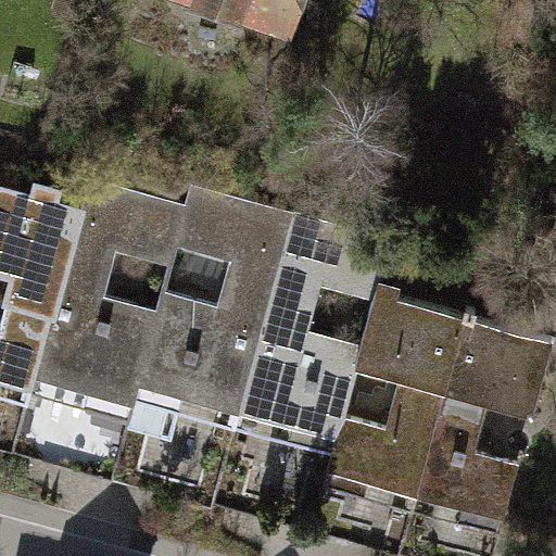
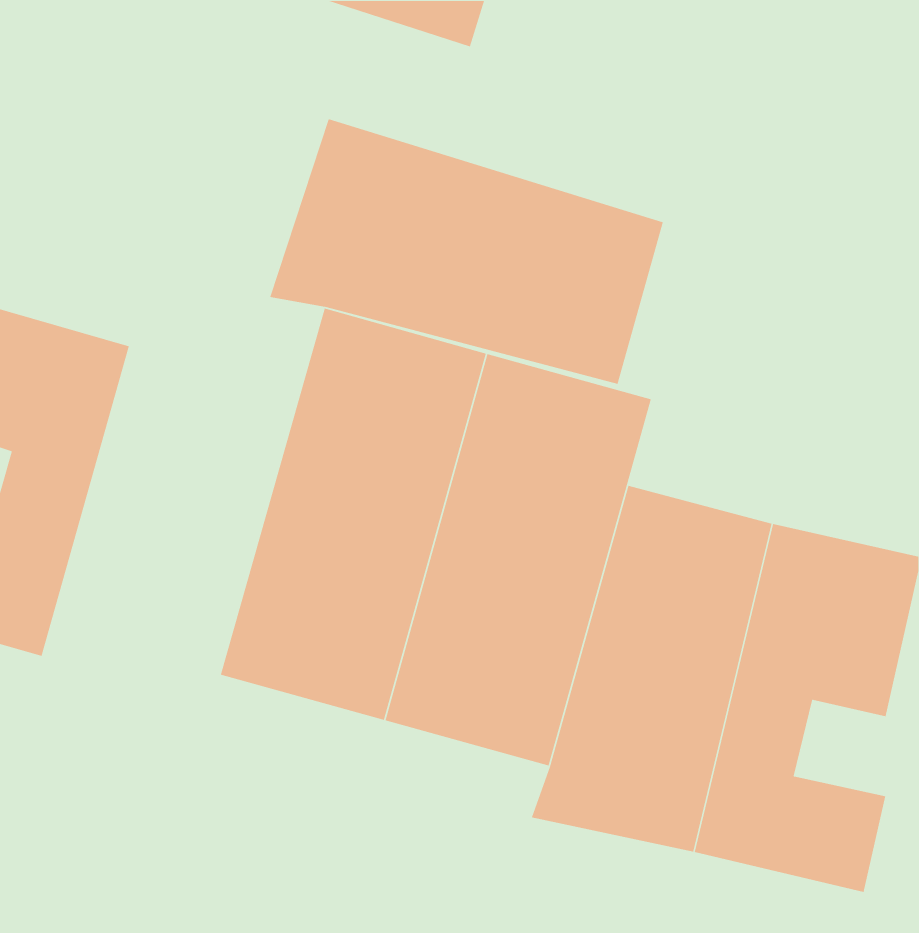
building: none -> [269,118,664,385]
building: [25,182,185,419] -> none

